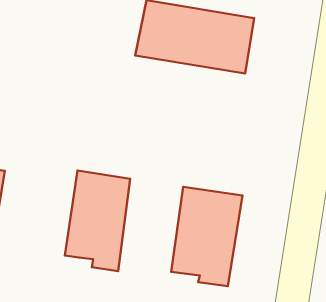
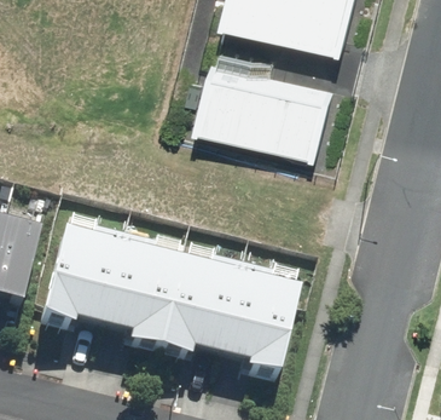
building: none -> [39,221,122,329]
building: none -> [157,249,238,359]

